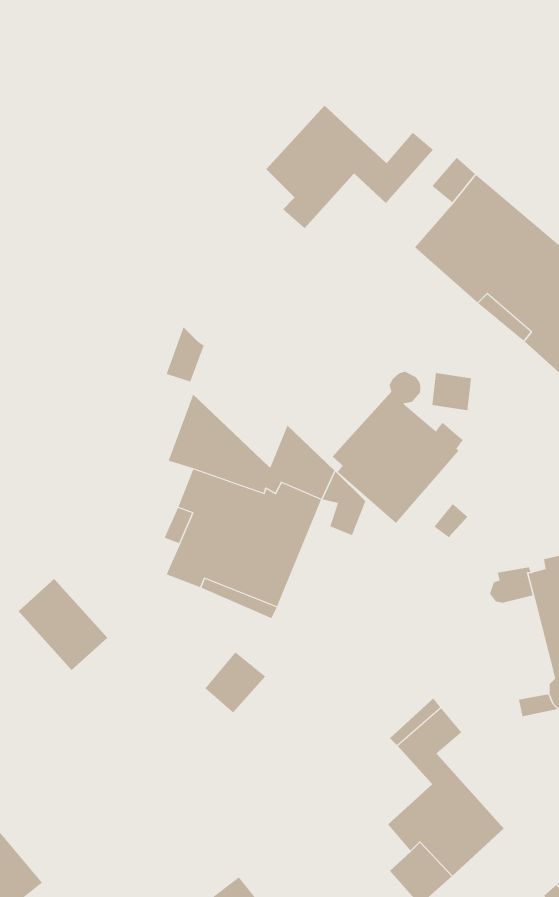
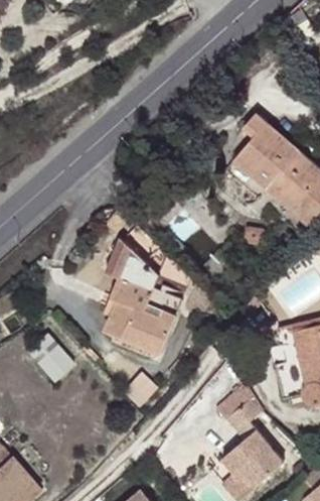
building: [265,105,434,229] -> none
building: [331,371,464,524] -> none

